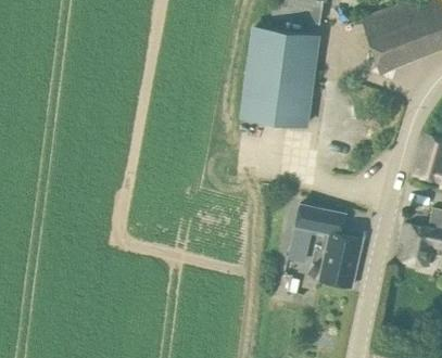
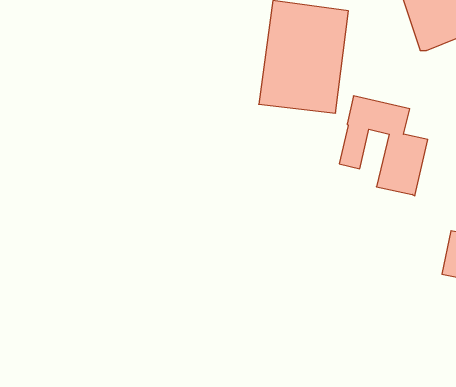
building: [288,203,363,287] -> [339,96,428,196]

